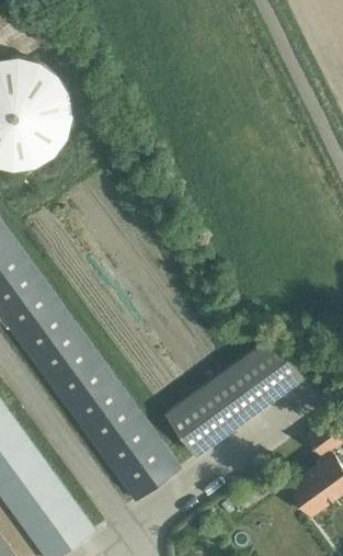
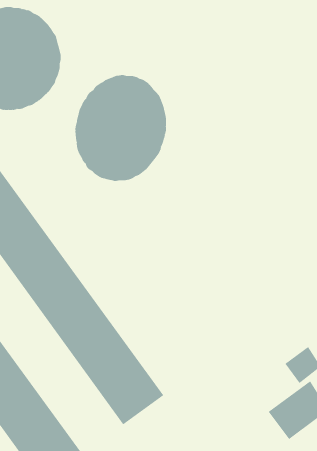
building: none -> [75,74,167,182]
building: [167,337,304,456] -> none

